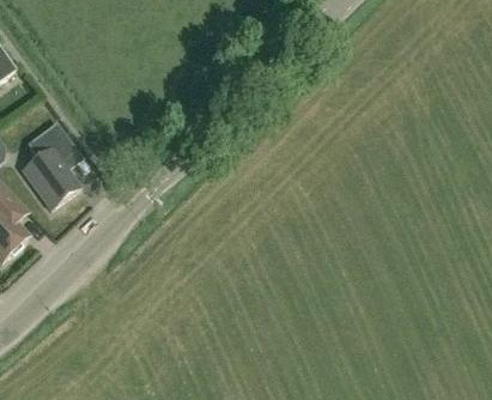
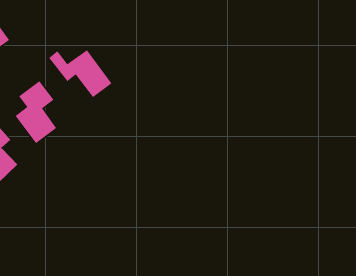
building: none -> [48,49,113,98]

